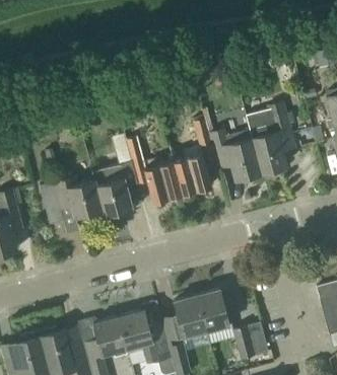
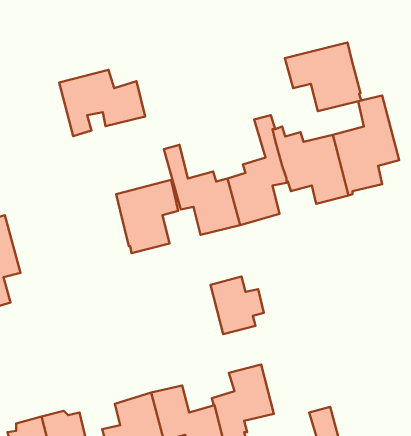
building: none -> [285,43,361,111]
building: [40,177,102,225] -> [59,70,145,136]
building: [197,290,235,331] -> [210,276,264,334]

